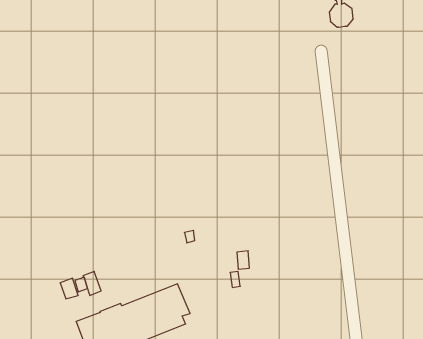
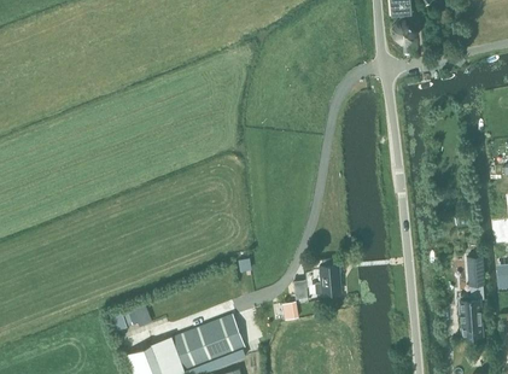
building: none -> [459,256,483,335]
building: none -> [314,264,339,293]

